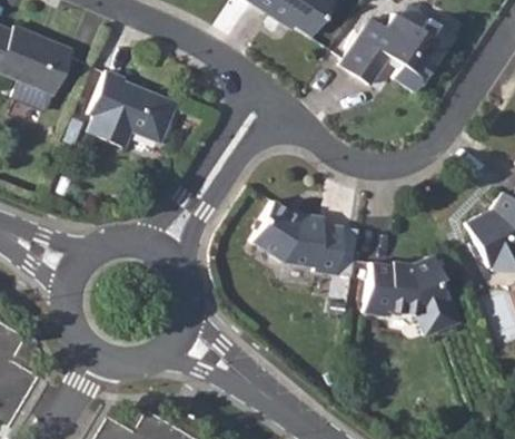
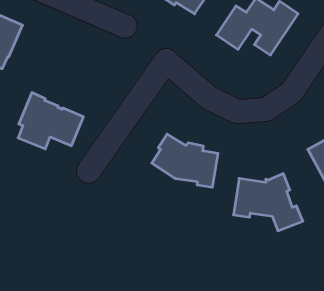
building: [89,69,179,147] -> [18,93,83,149]

